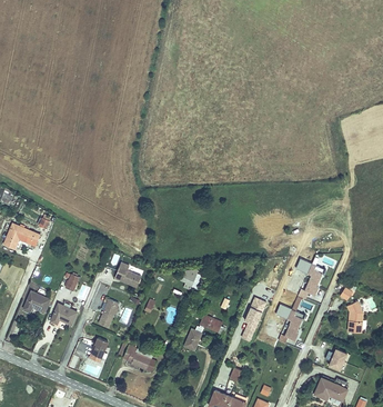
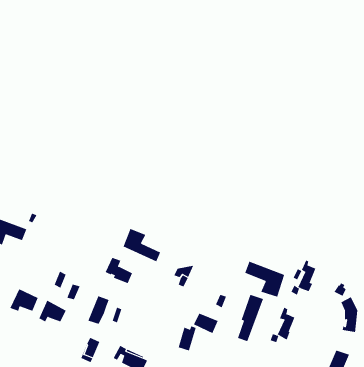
building: none -> [123,228,161,262]
building: none -> [245,261,285,297]

